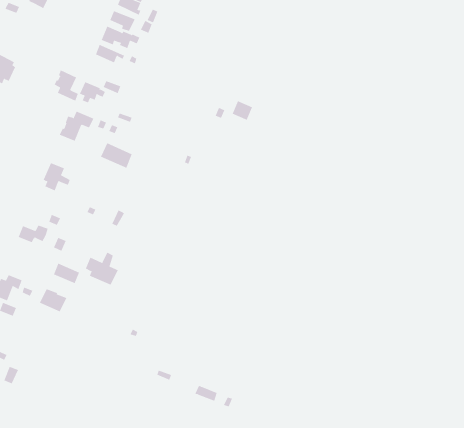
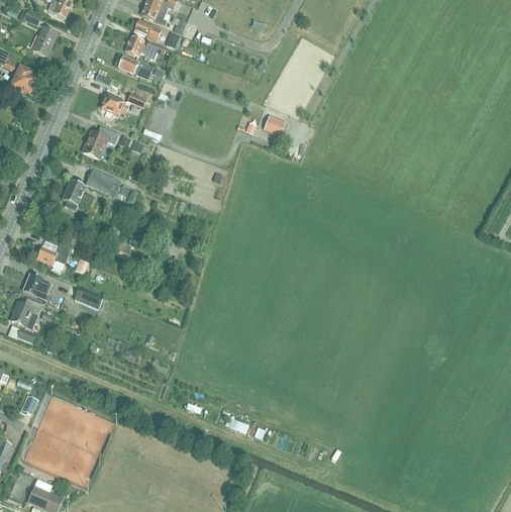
building: none -> [31,25,56,55]
building: [54,70,79,101] -> none
building: [100,143,133,168] -> [88,169,122,196]
building: [85,252,118,286] -> none
building: [39,288,67,312] -> [23,275,53,300]

